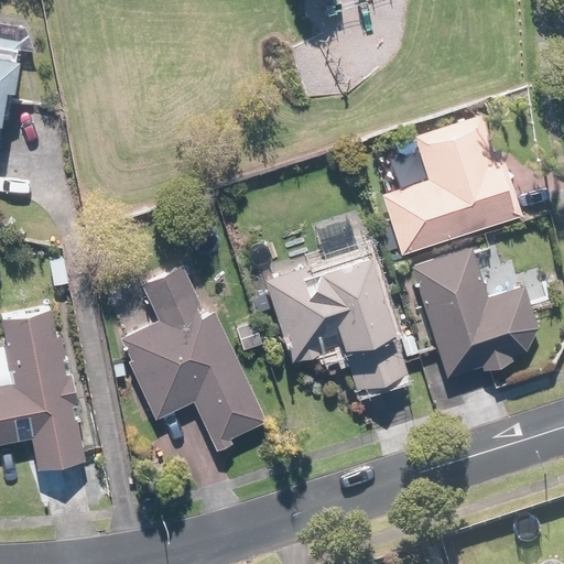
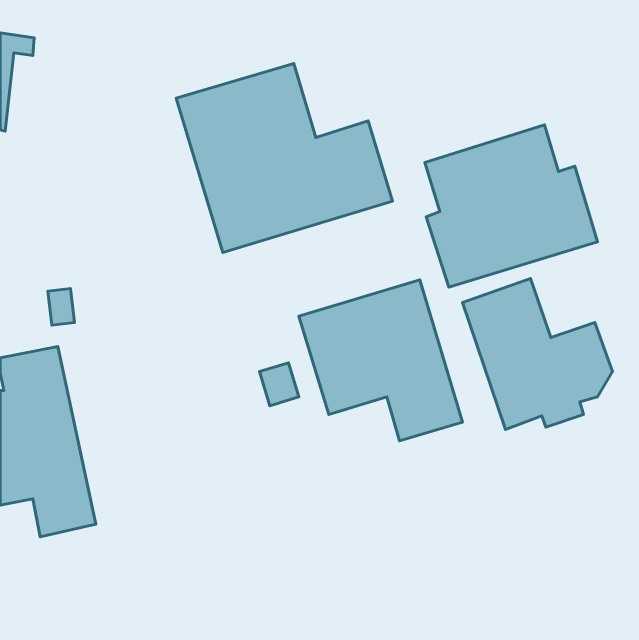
building: none -> [176,63,392,252]
building: [120,265,268,449] -> none

